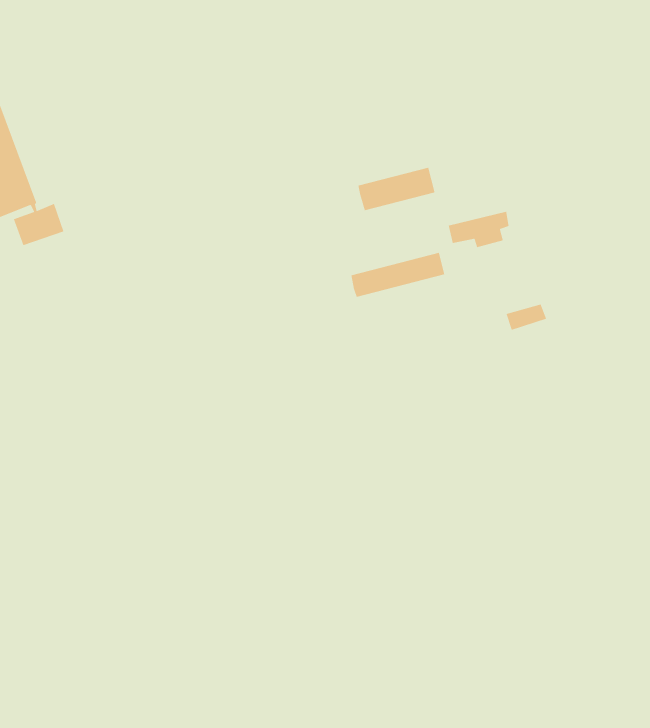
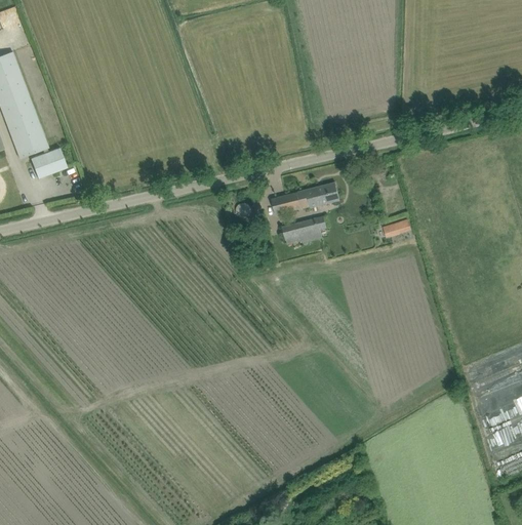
building: [357,167,436,211] -> none
building: [448,211,510,248] -> [281,215,325,242]

